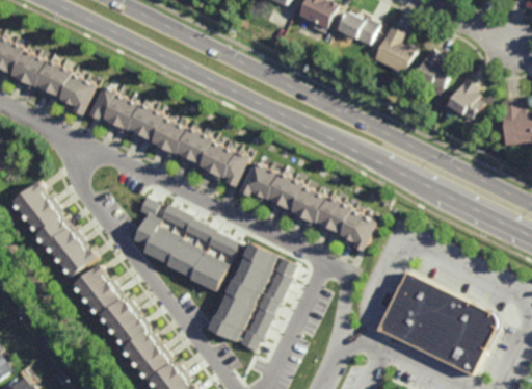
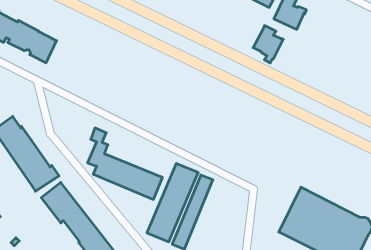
building: [414,47,452,95] -> [253,26,283,63]
building: [446,77,481,120] -> none
building: [87,84,249,186] -> none
building: [239,162,375,252] -> none
building: [159,209,239,257] -> none

